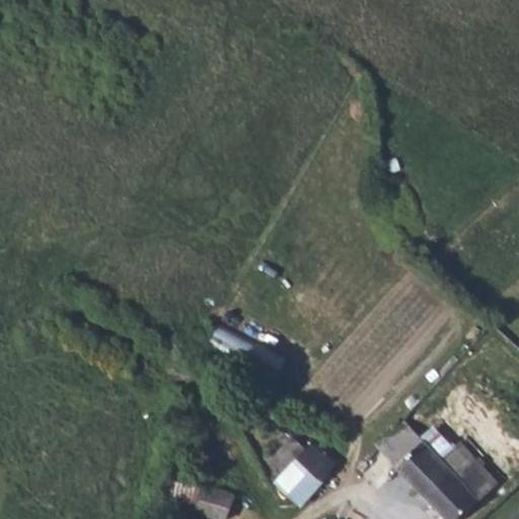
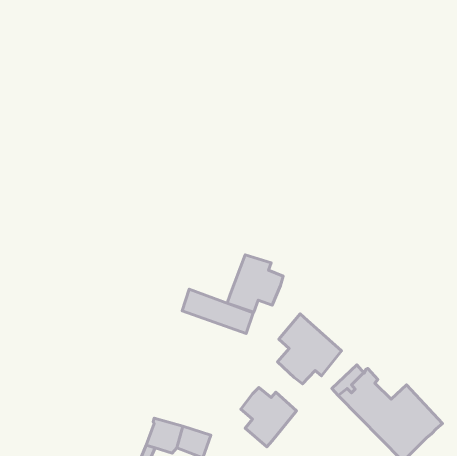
building: none -> [227,255,283,312]
building: none -> [278,314,342,384]

